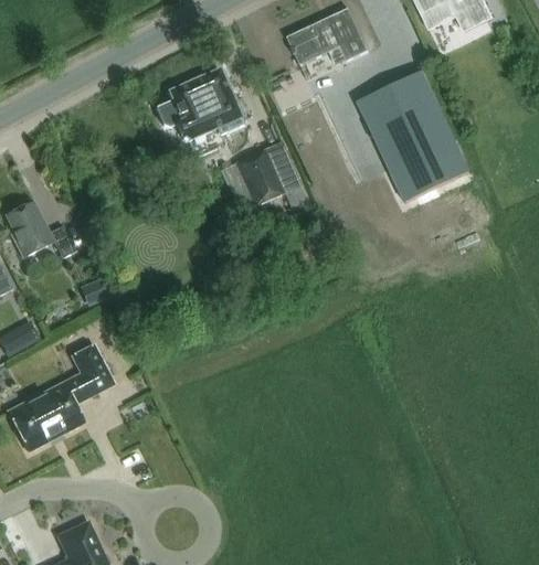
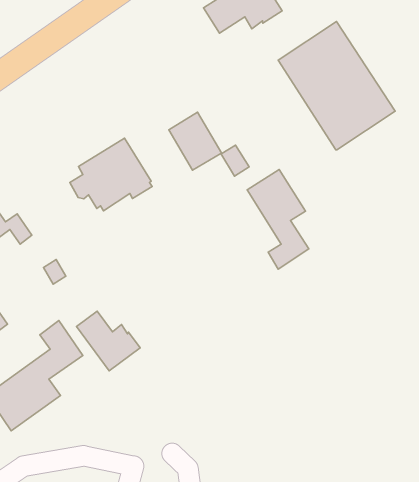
building: [157,68,242,141] -> [70,138,152,211]
building: none -> [247,169,309,269]
building: none -> [77,311,140,371]

